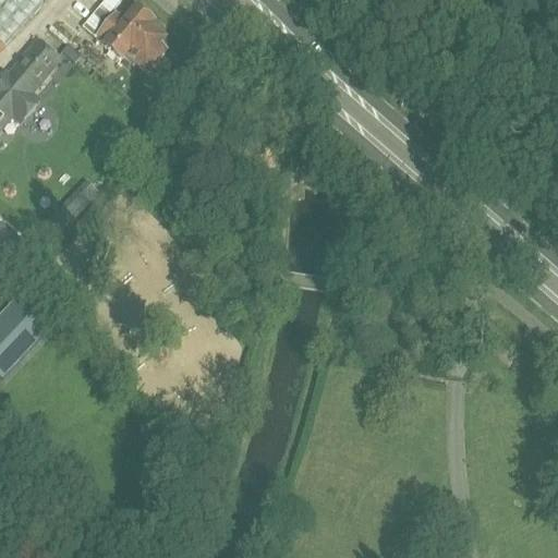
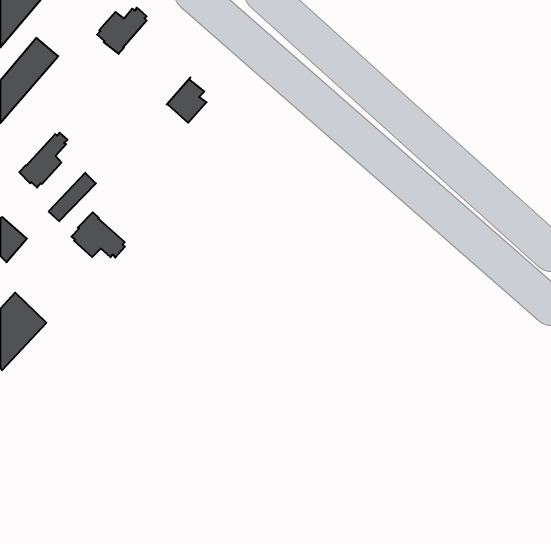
building: [124,21,165,66] -> [167,77,207,123]
building: none -> [19,133,67,188]
building: none -> [71,212,125,258]

